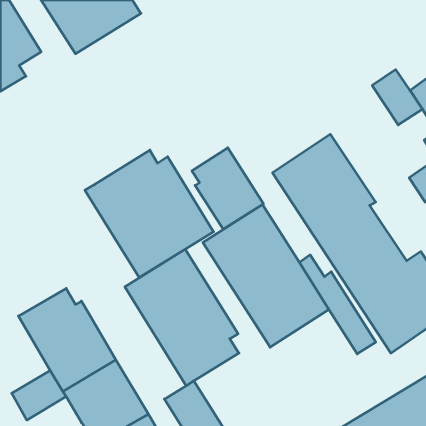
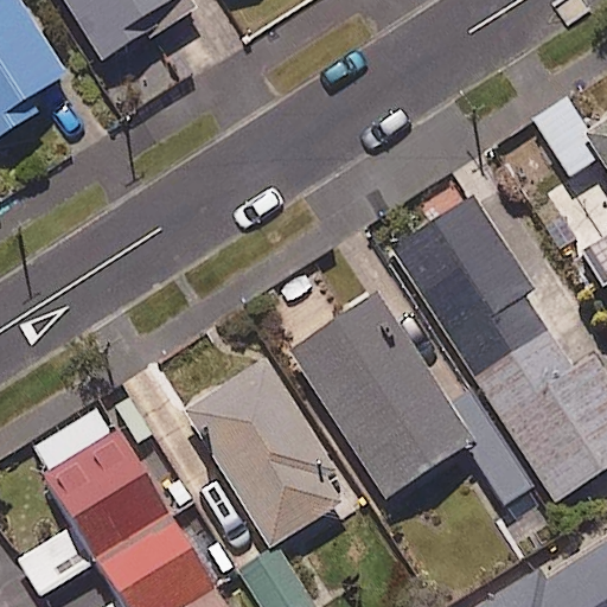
building: [192,148,263,229] -> none
building: [85,150,214,278] -> none

